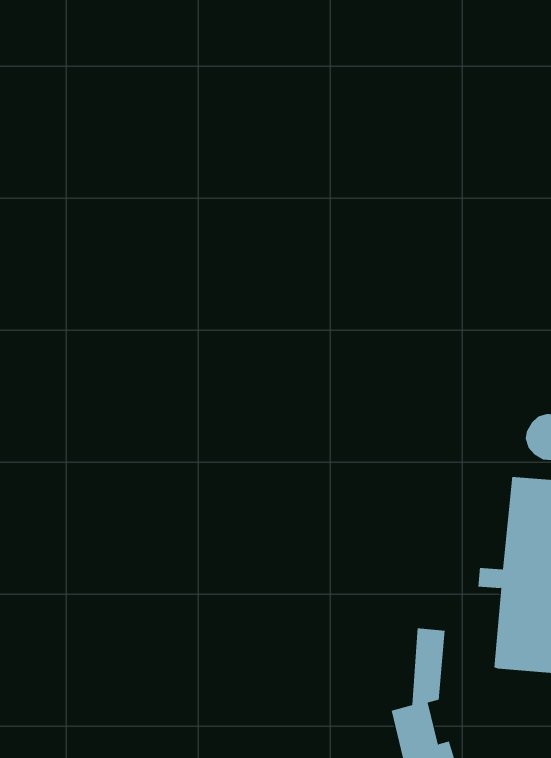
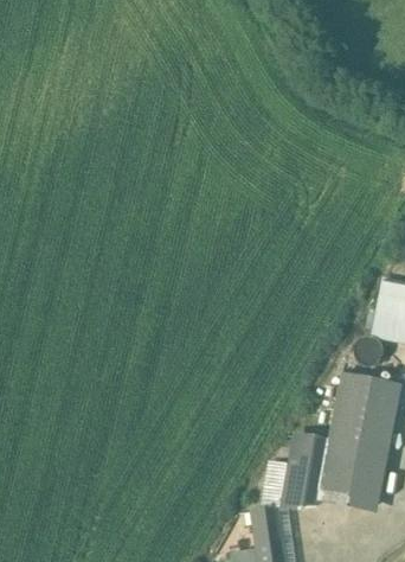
building: none -> [283,435,328,506]

